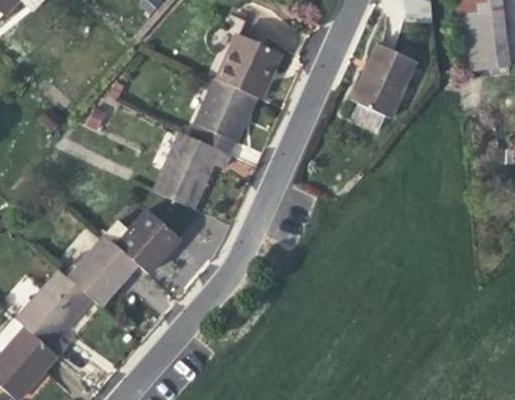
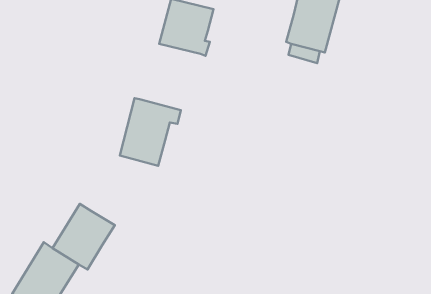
building: [185,77,259,153] -> none
building: [114,209,179,274] -> none

